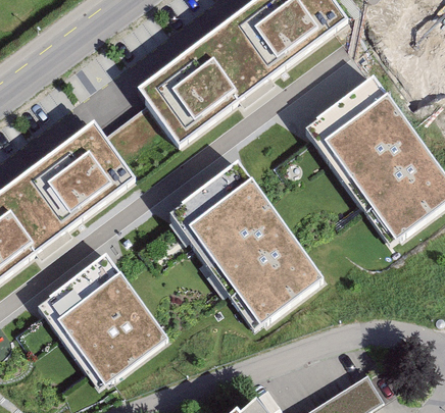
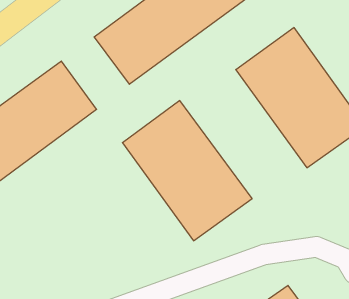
building: [40,255,166,386] -> none

